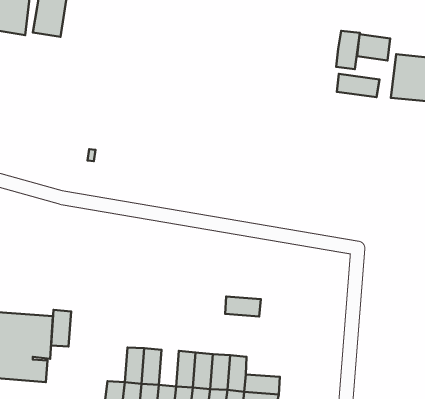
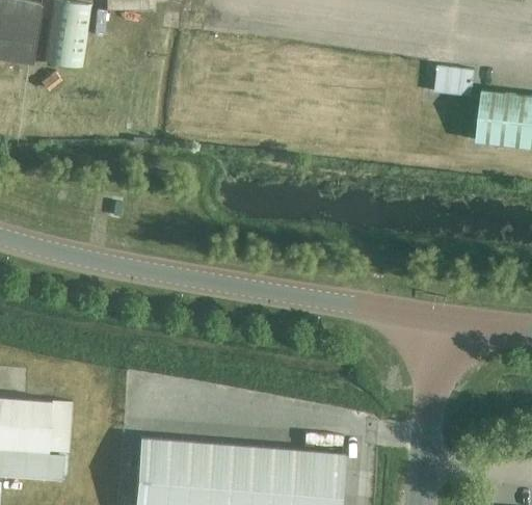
building: [336,31,360,69] -> none
building: [337,74,380,97] -> none
building: [225,296,261,316] -> [302,451,345,475]
building: [51,310,71,346] -> [137,437,161,481]
building: none -> [198,443,222,486]

